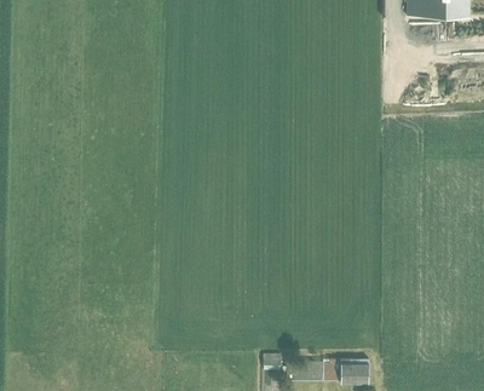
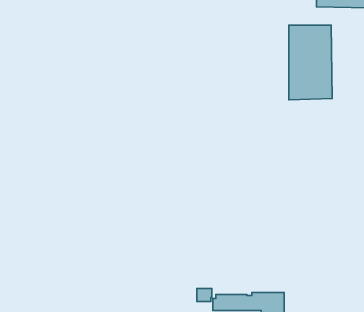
building: none -> [289,25,332,100]

